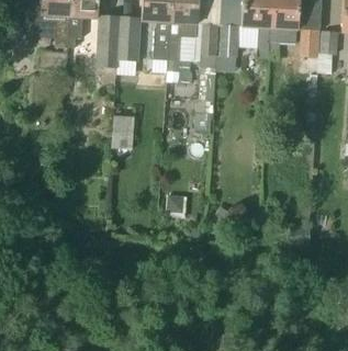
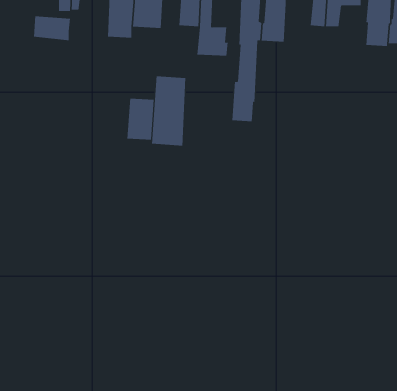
building: none -> [152,75,186,146]

